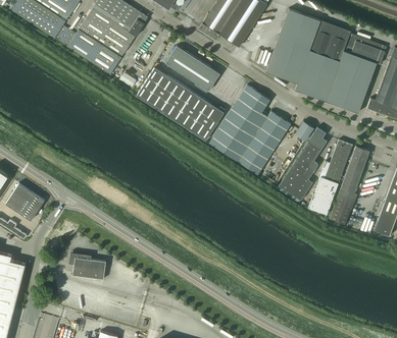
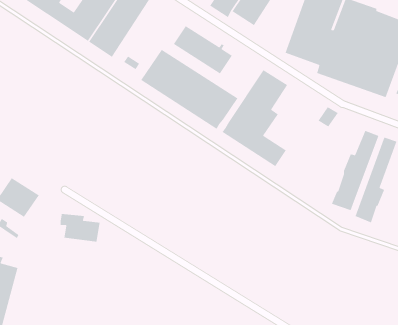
building: [248,111,291,159] -> none
building: [279,127,327,201] -> none
building: [69,252,106,279] -> [60,213,101,243]

